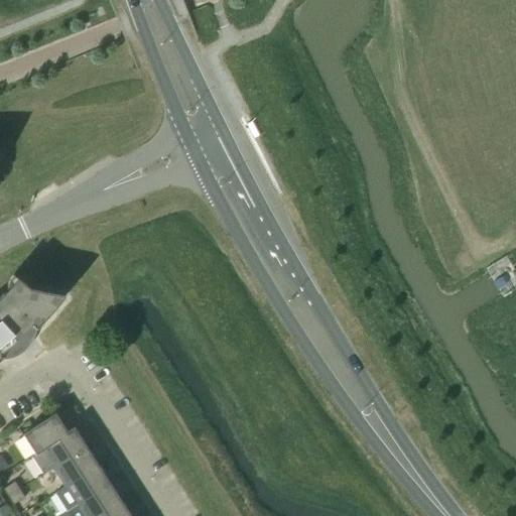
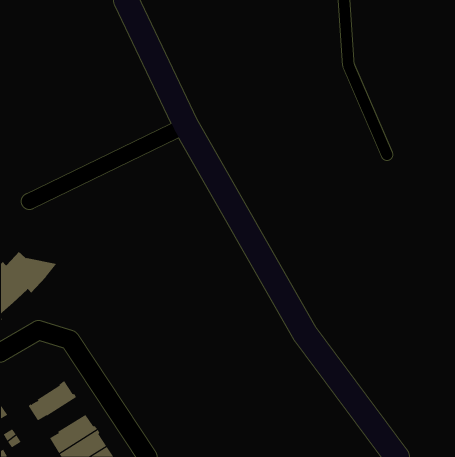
building: [24,414,69,456] -> none
building: [55,447,99,487] -> none

